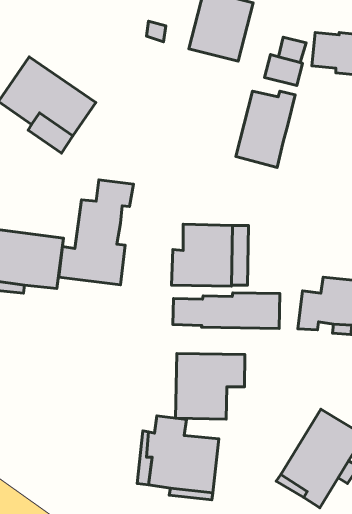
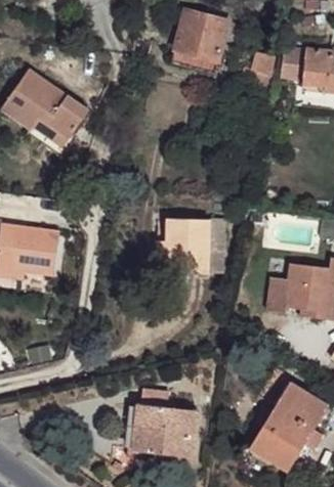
building: [236,91,295,167] -> none
building: [59,180,133,285] -> none
building: [173,293,280,329] -> none
building: [176,353,245,419] -> none

